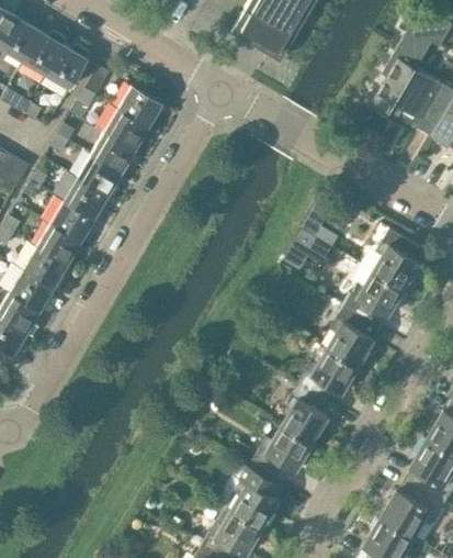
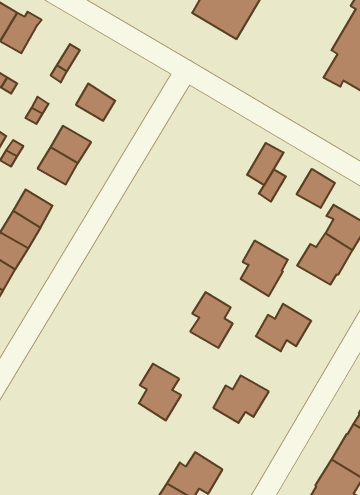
building: [44,45,89,89] -> none
building: [116,86,160,127] -> none
building: [89,132,133,172] -> none
building: none -> [247,143,284,185]
building: [48,201,92,242] -> none
building: none -> [297,169,335,208]
building: [328,306,380,367] -> [241,241,288,296]
building: [282,383,328,444] -> [190,292,233,348]
building: [233,467,279,528] -> [139,364,181,420]

